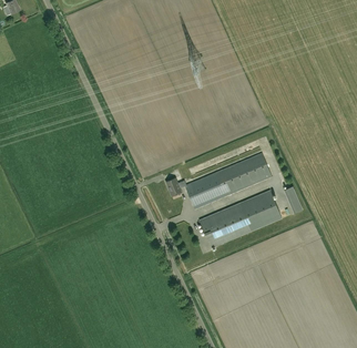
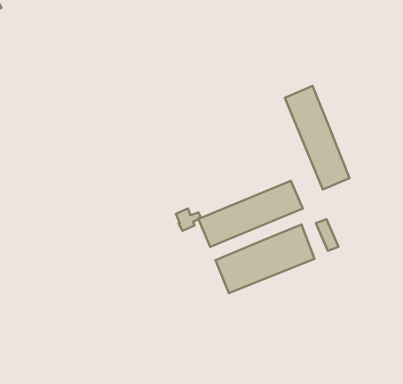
building: none -> [285,86,350,189]

